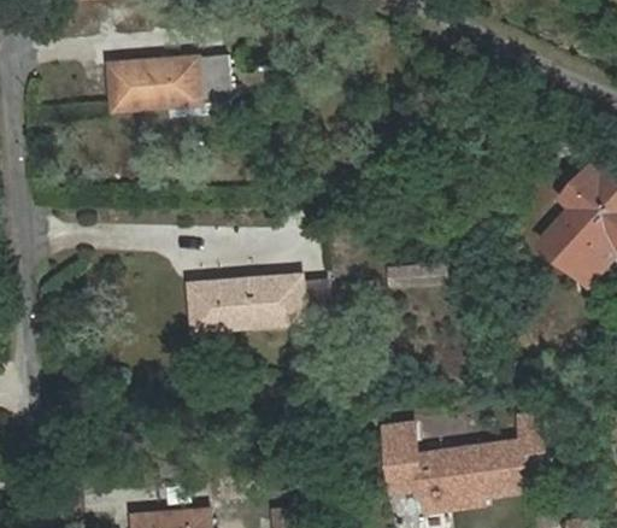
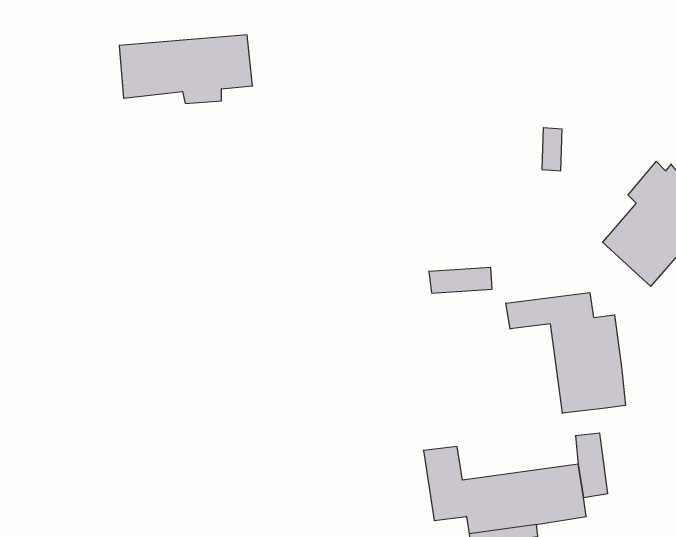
building: [189,274,325,328] -> none
building: none -> [506,293,625,413]

